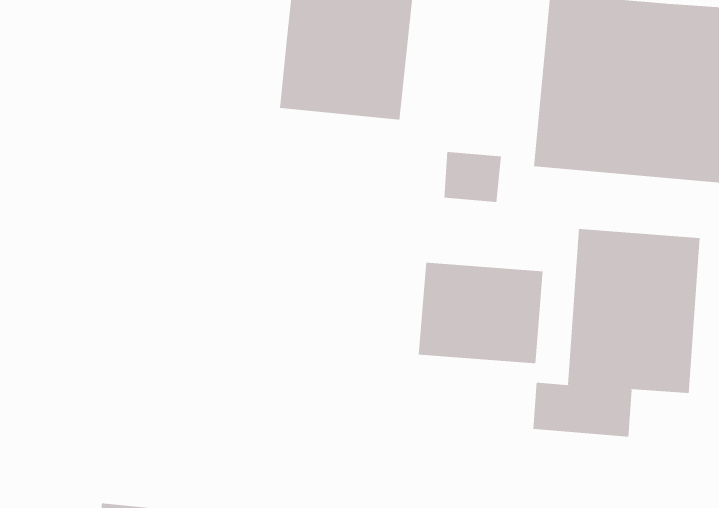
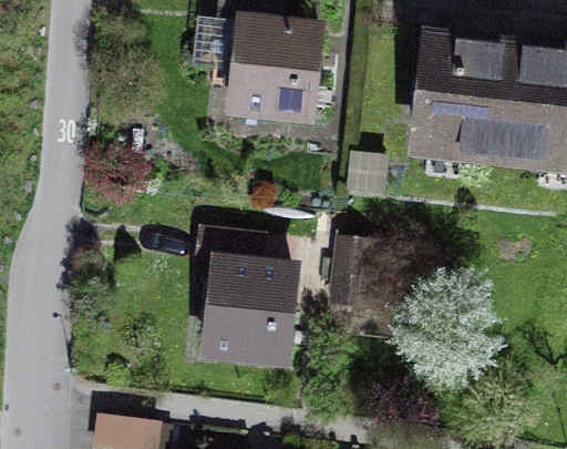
building: [533,228,700,437] -> none
building: none -> [194,223,301,370]

